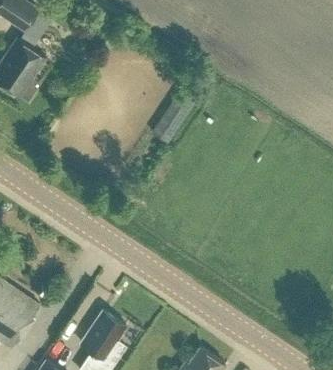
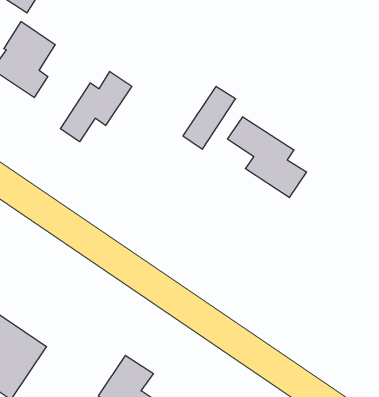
building: none -> [60,71,132,142]
building: none -> [228,117,307,198]

